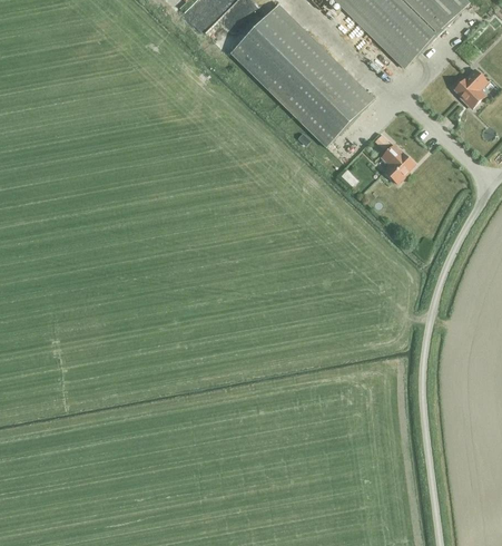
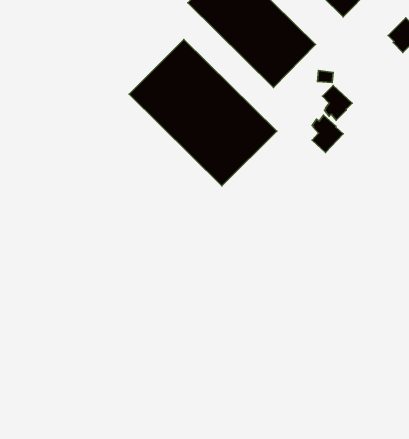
building: none -> [129,39,277,186]
building: none -> [312,115,343,152]

